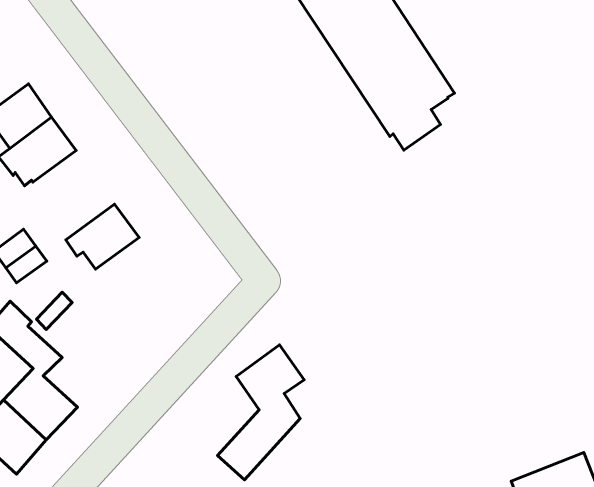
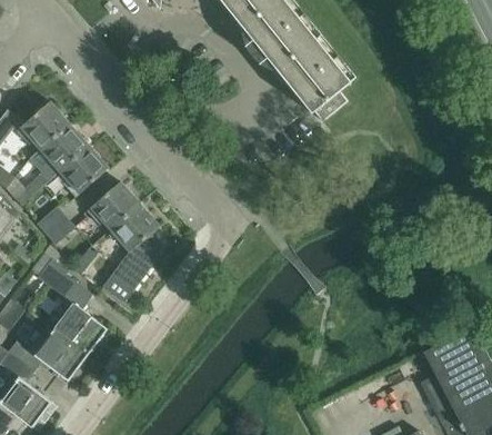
building: none -> [59,146,108,197]
building: [217,345,304,480] -> [102,204,159,303]

